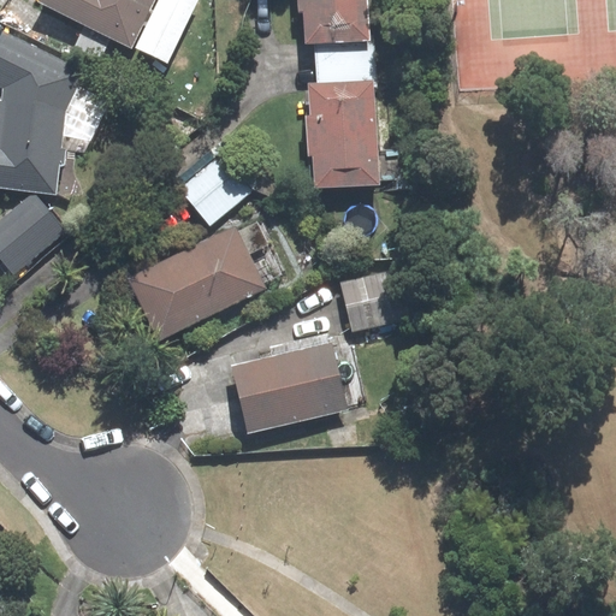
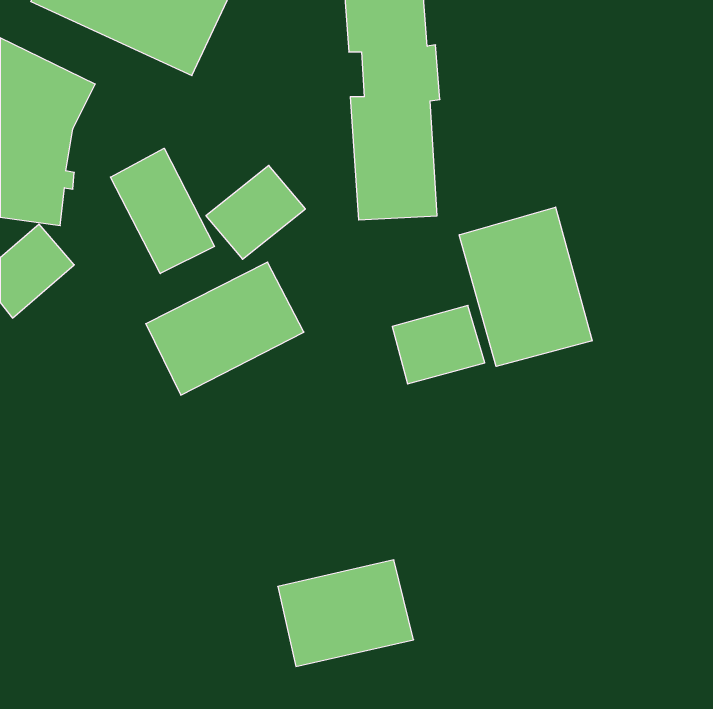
building: none -> [110,148,214,274]
building: none -> [459,207,592,366]
building: [227,342,344,433] -> [278,560,414,666]

